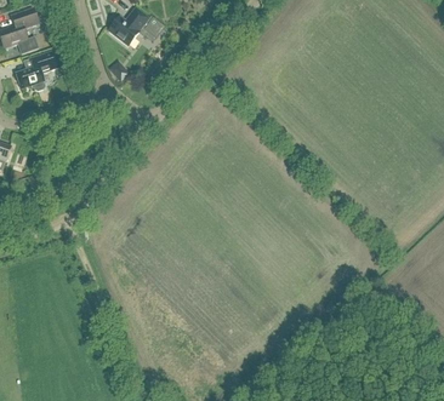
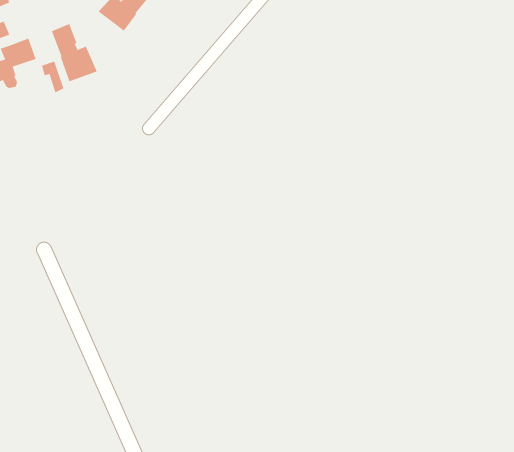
building: none -> [51,23,97,82]

